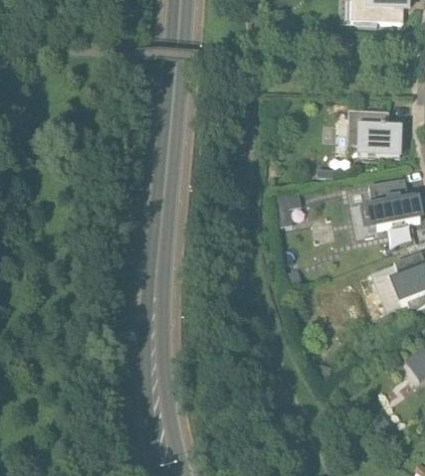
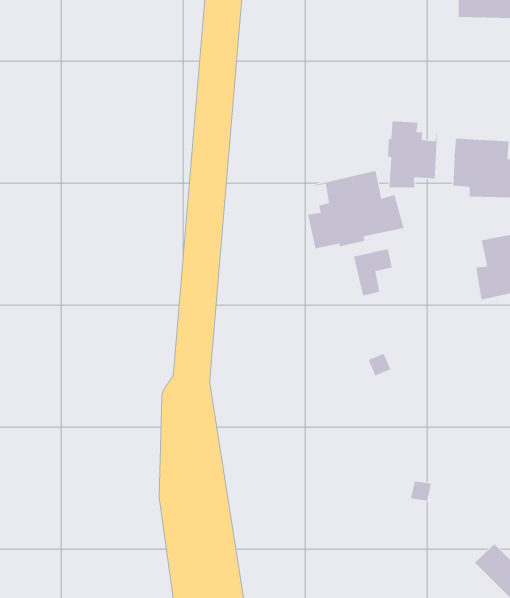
building: none -> [388,120,438,188]
building: none -> [308,170,404,249]

